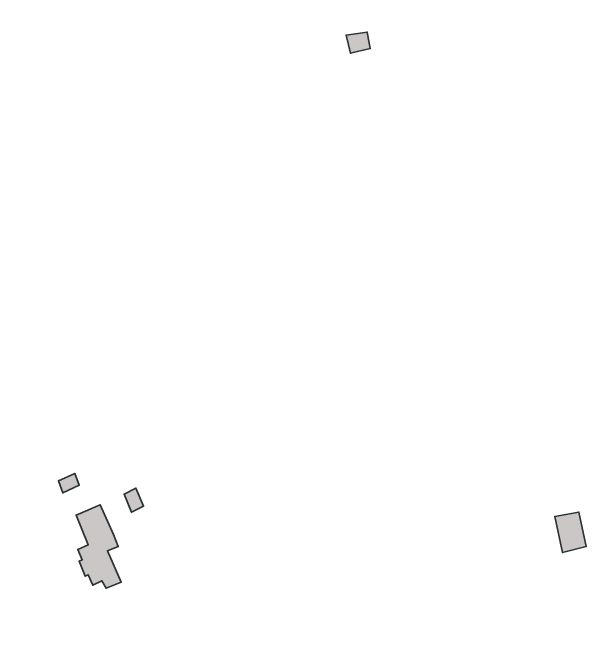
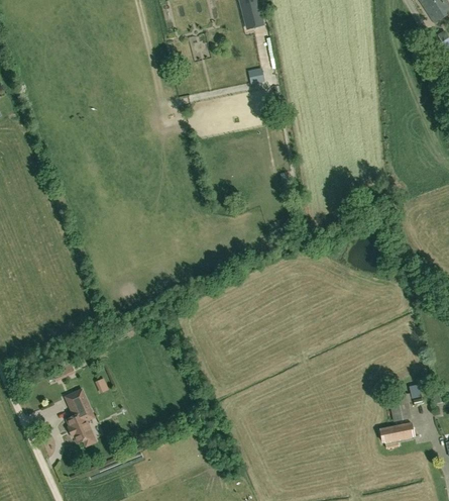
building: none -> [379,420,415,440]

